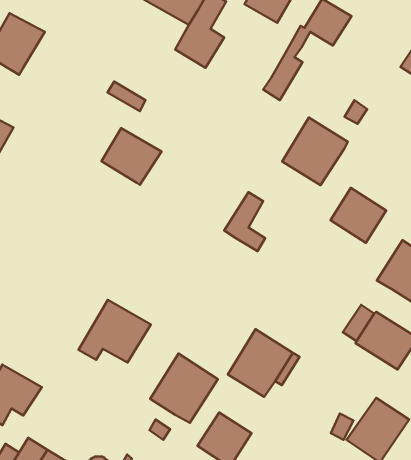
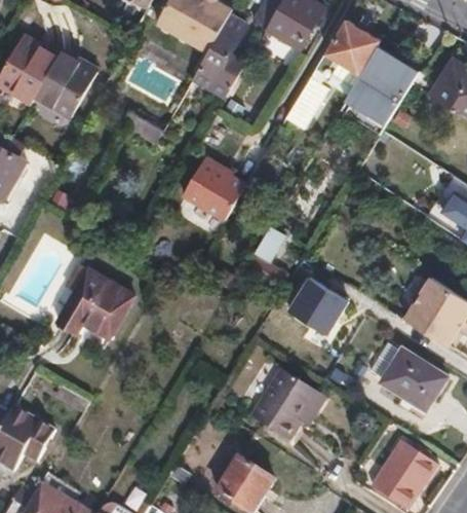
building: none -> [35,51,99,116]
building: [282,118,348,185] -> [348,50,417,121]
building: [102,128,161,185] -> [184,160,246,220]
building: [330,188,386,243] -> [289,277,348,334]
building: [78,300,151,363] -> [57,269,133,335]
building: [150,354,218,423] -> none

